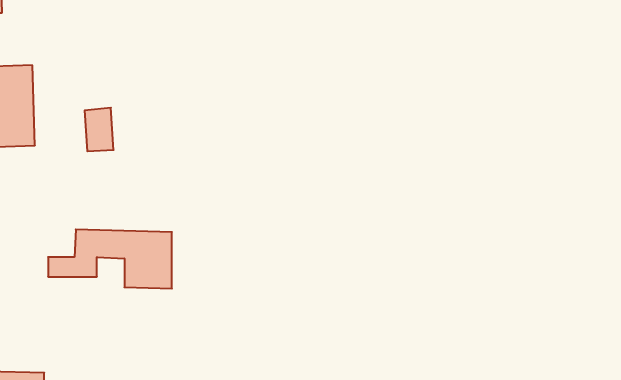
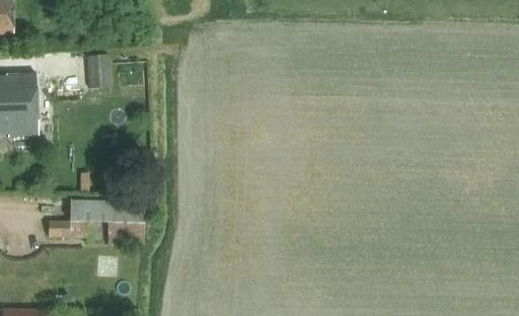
building: [85,108,114,151] -> [87,54,109,87]

